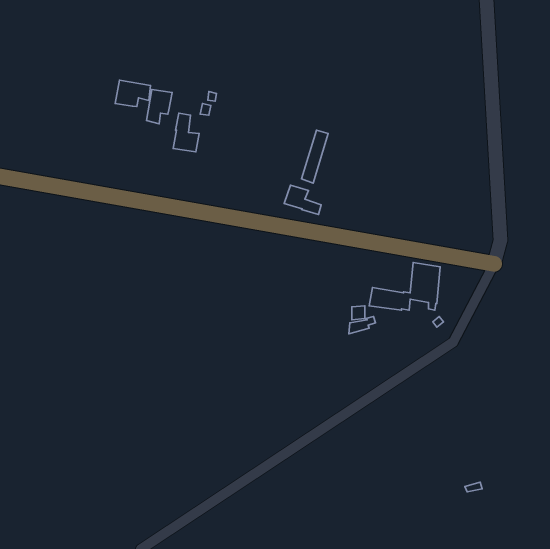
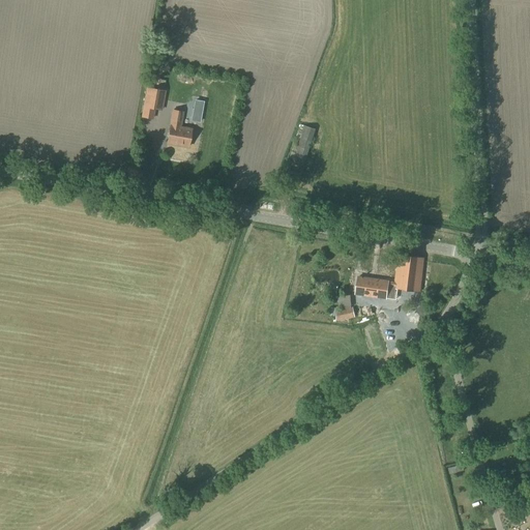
building: [115,80,150,106] -> none
building: [284,185,321,215] -> none

